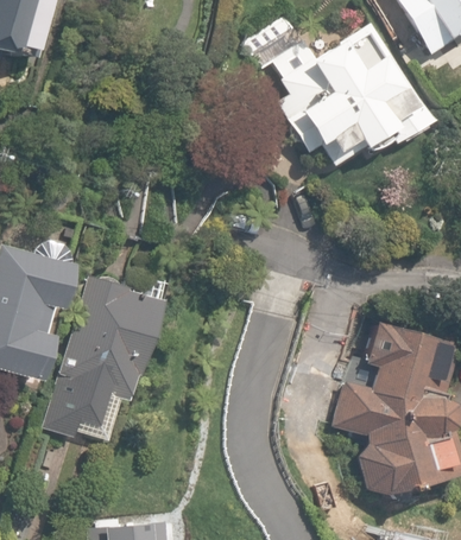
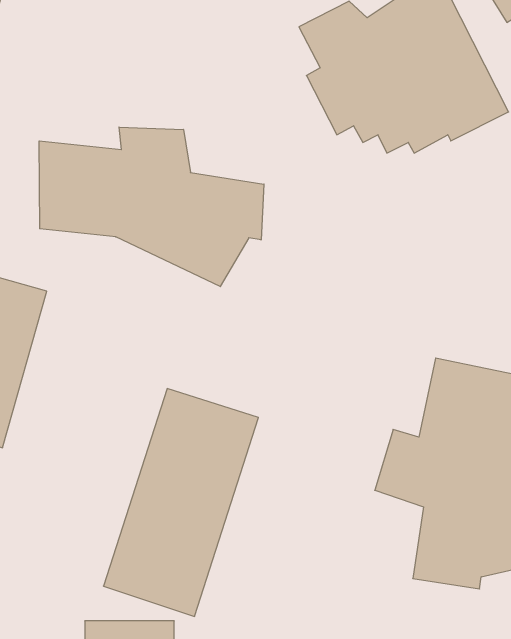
building: none -> [39,127,264,287]
building: [43,273,164,451] -> [103,389,258,616]

